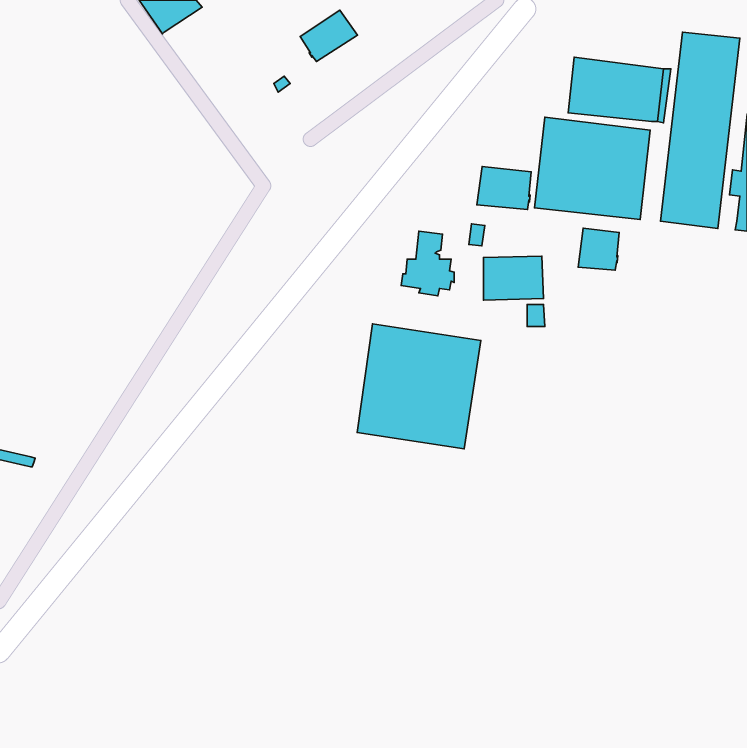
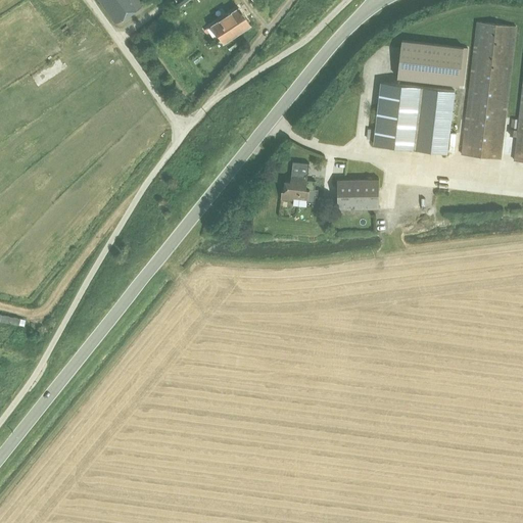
building: [477,166,531,209] -> none
building: [578,228,619,270] -> none
building: [357,324,481,449] -> none

